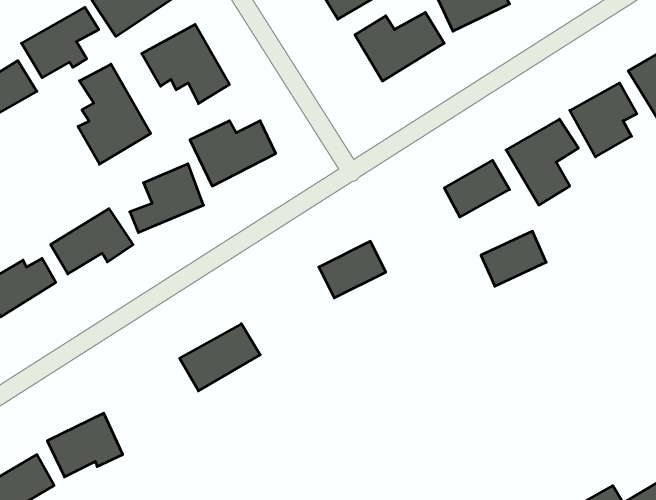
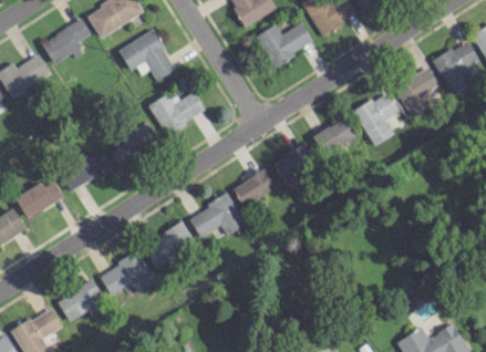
building: [78,64,151,164] -> none
building: [481,231,546,286] -> [272,144,314,179]
building: none -> [188,194,245,237]
building: none -> [99,250,156,294]

